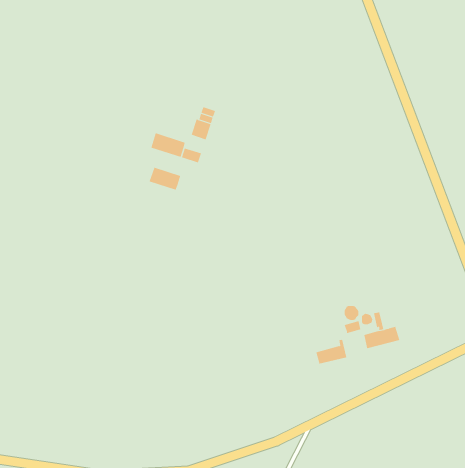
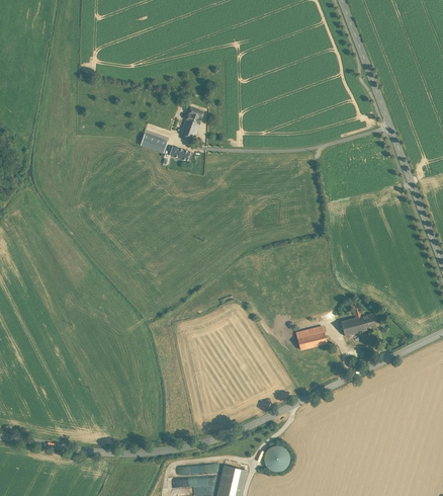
building: [149,167,181,190] -> none

